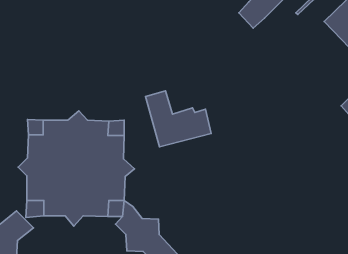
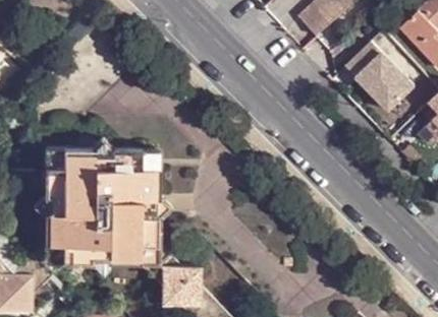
building: none -> [344,41,412,110]
building: [146,91,211,147] -> none

